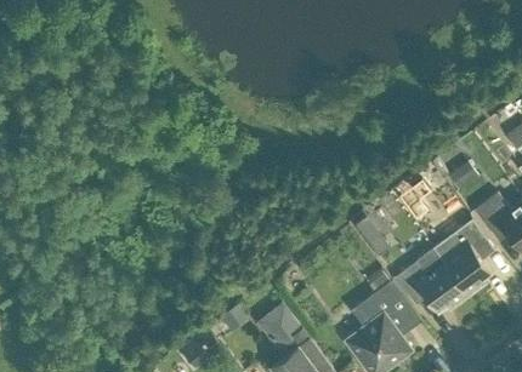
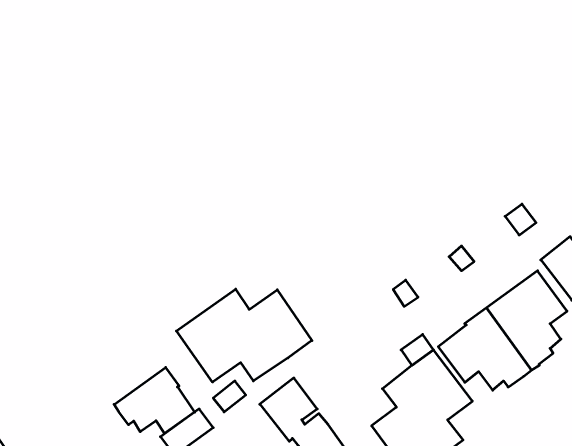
building: none -> [176,289,312,382]
building: none -> [114,367,195,433]

